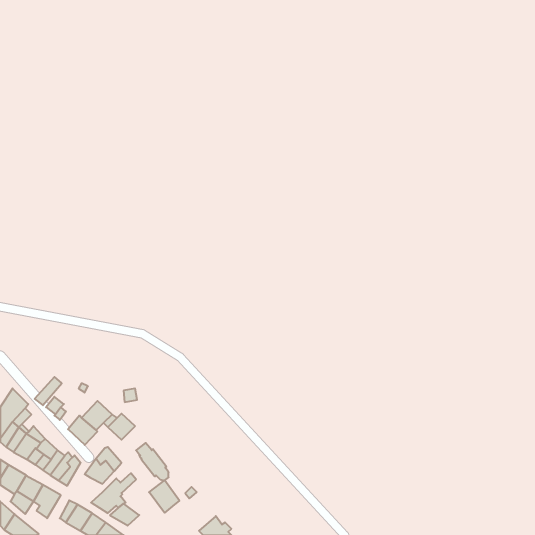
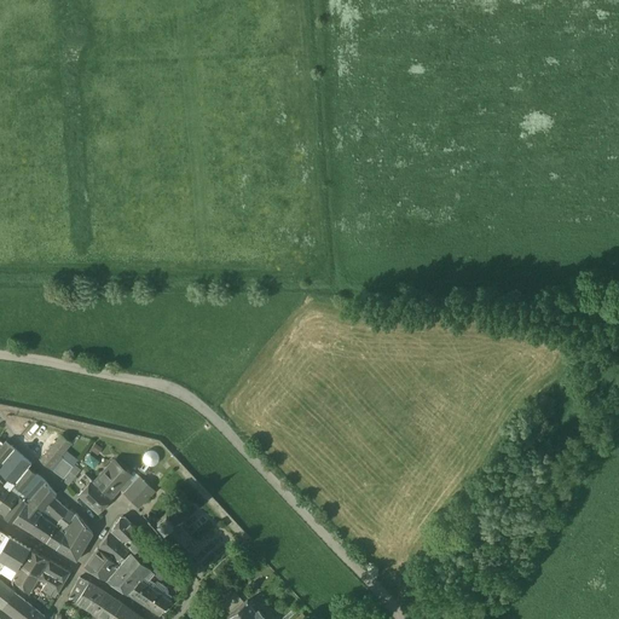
building: none -> [85,548,118,580]
building: [149,480,179,513] -> none

